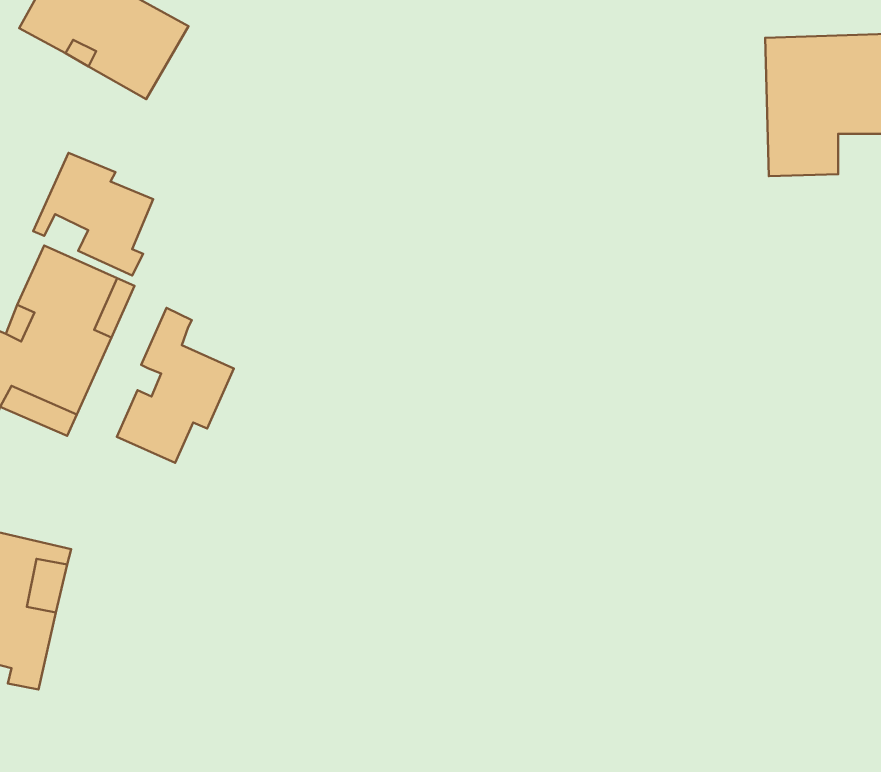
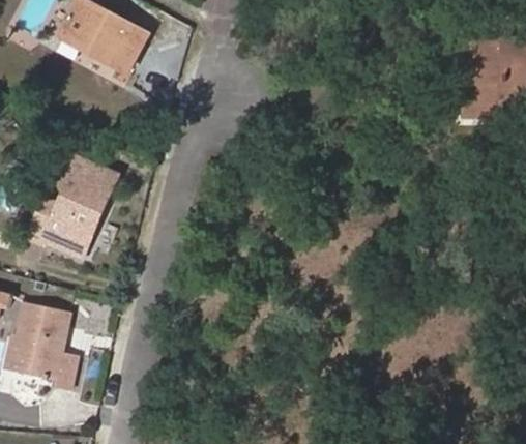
building: [33,153,153,276] -> none
building: [117,308,234,463] -> none

